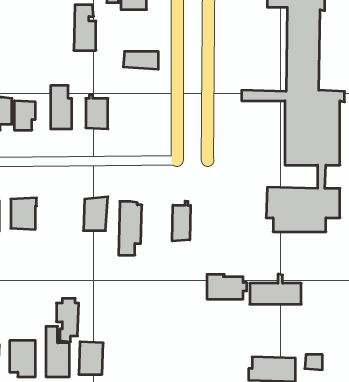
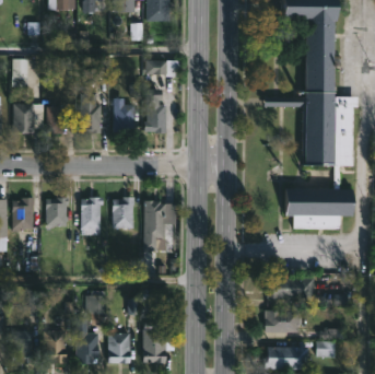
building: [74,5,96,50] -> [145,89,166,131]
building: none -> [81,198,106,236]
building: [172,201,191,241] -> none
building: [207,274,247,299] -> [266,309,303,332]
building: none -> [144,324,166,364]

